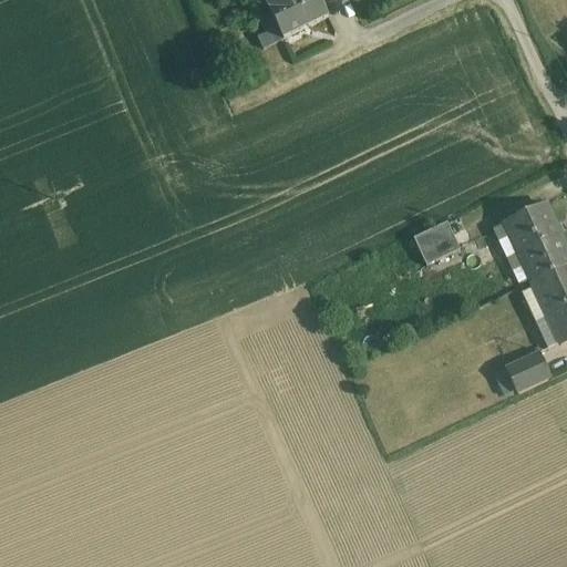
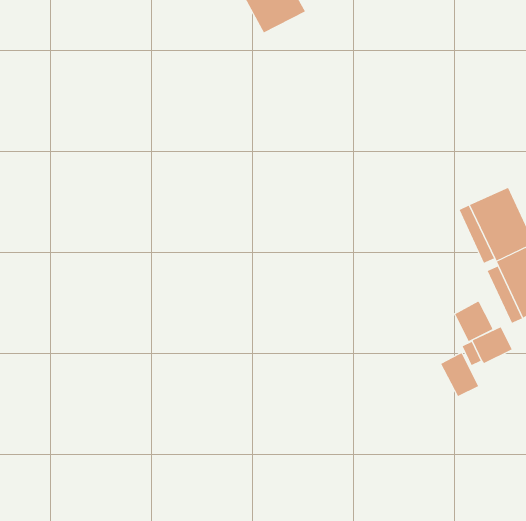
building: [415,219,462,262] -> none
building: none -> [455,301,493,342]
building: none -> [441,353,479,397]

